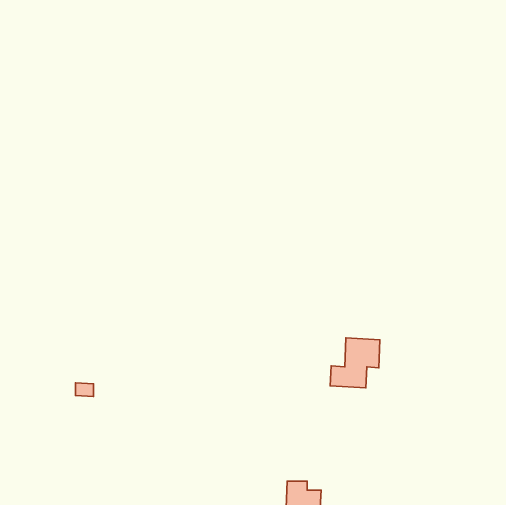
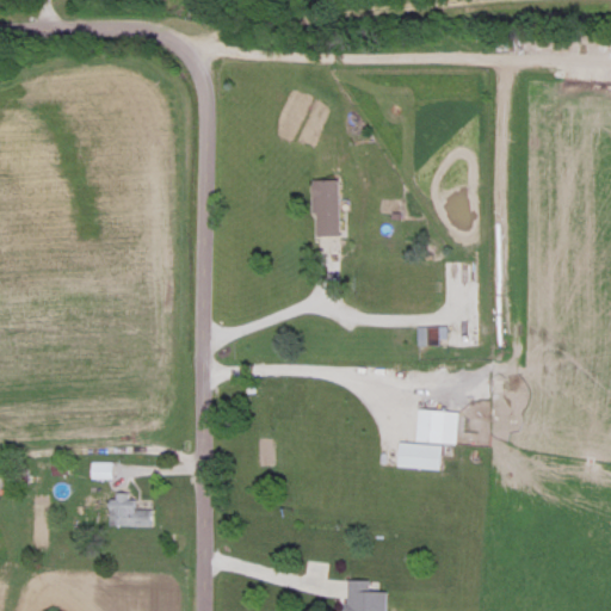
building: none -> [313,180,338,237]
building: none -> [116,501,150,527]

